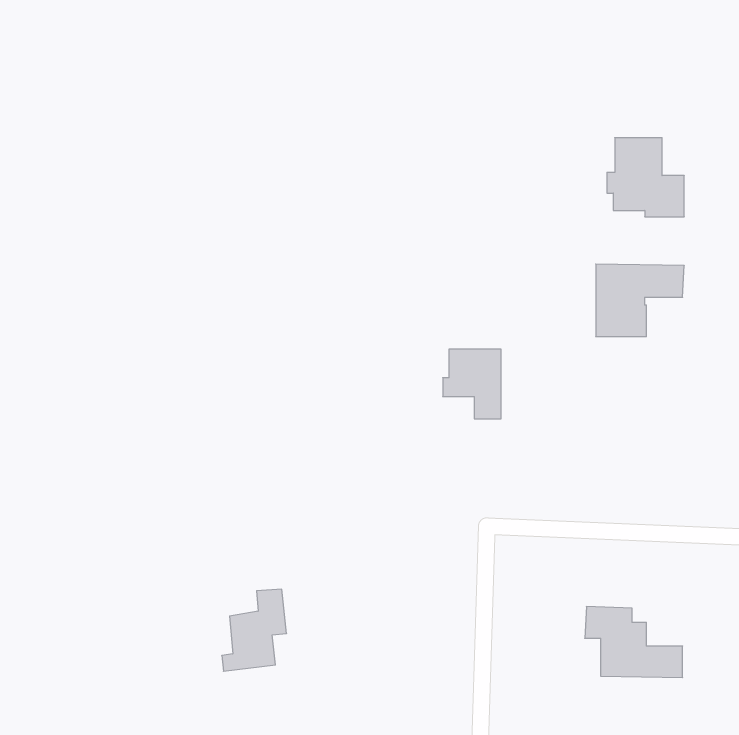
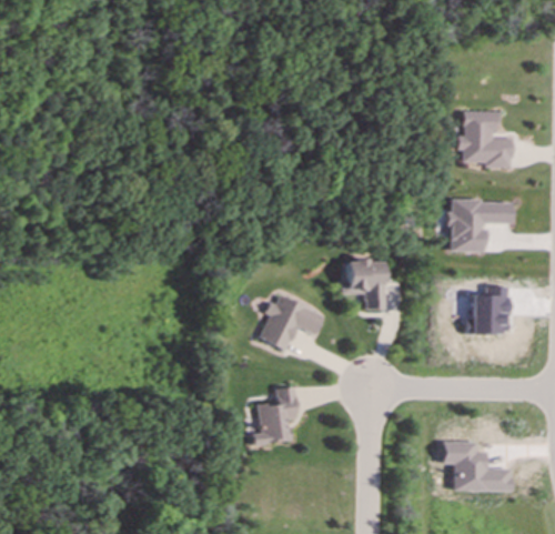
building: none -> [472,285,509,333]
building: none -> [260,295,323,350]
building: [222,589,287,671] -> [252,386,297,444]

